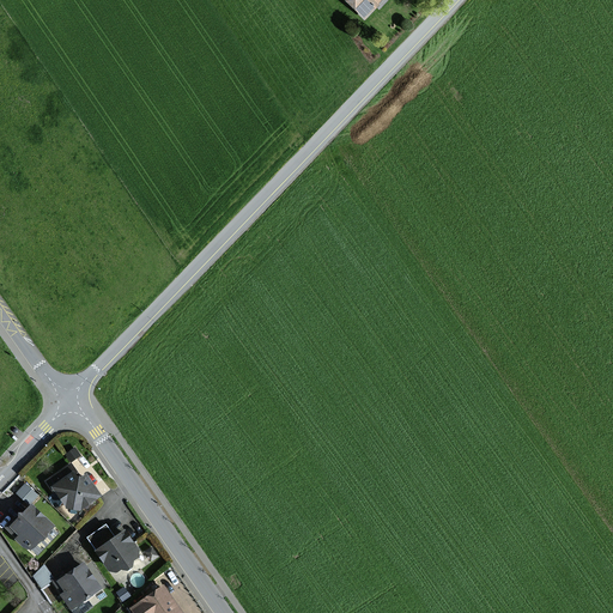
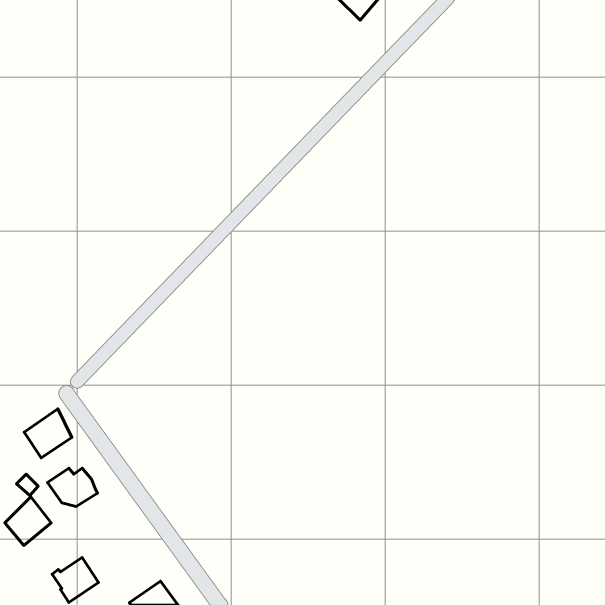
building: none -> [24,409,72,458]
building: [95,528,138,571] -> none

